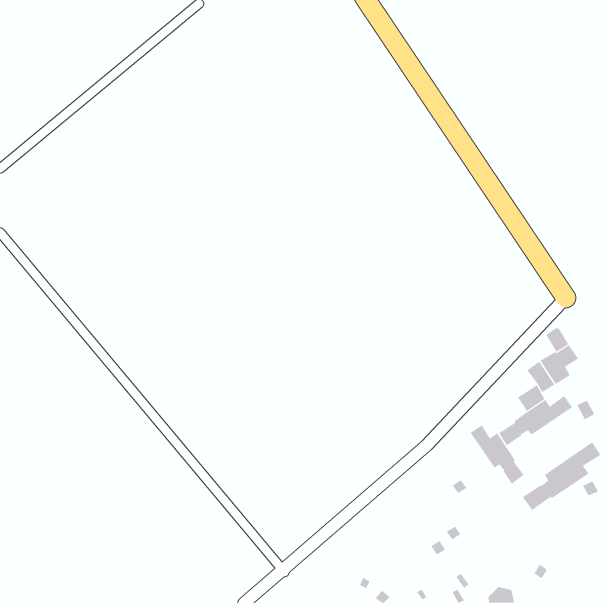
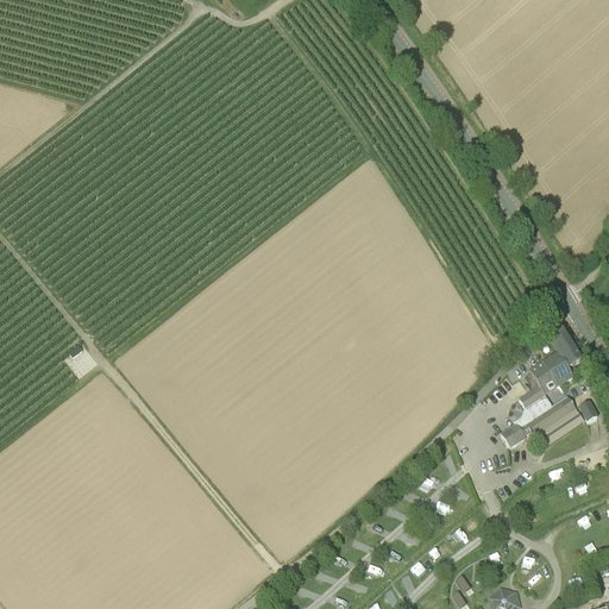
building: [470,424,524,485] -> none
building: [522,442,601,511] -> none

